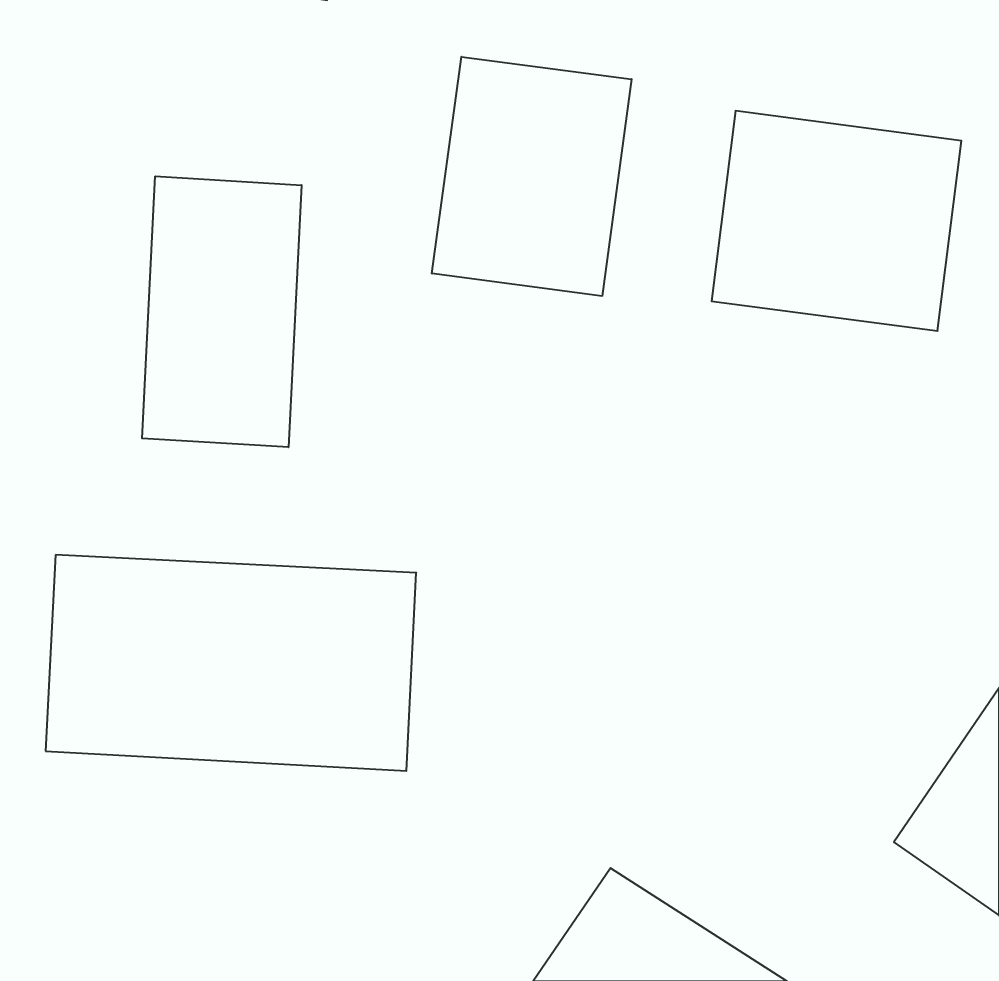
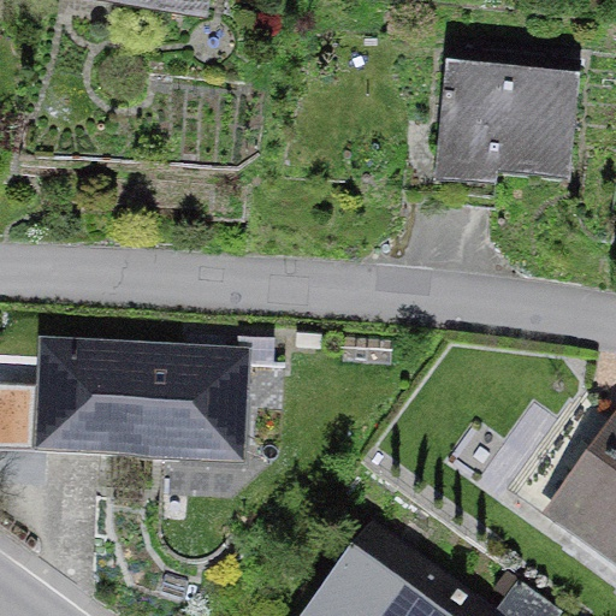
building: [432,57,632,296] -> none
building: [142,176,302,447] -> none

